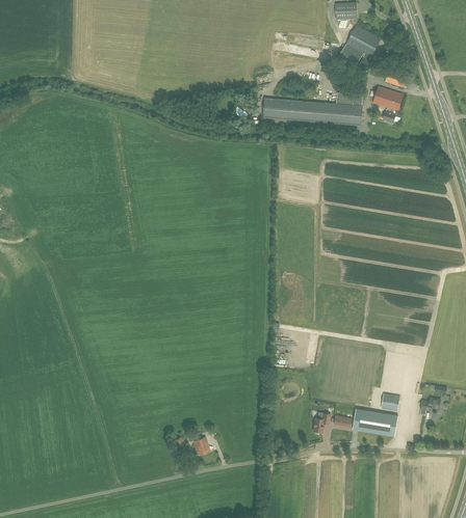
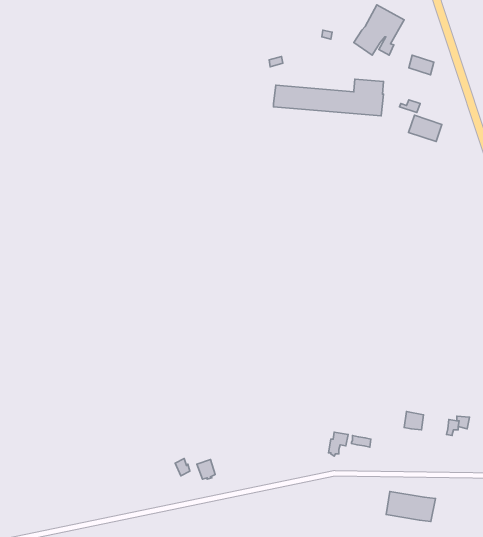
building: [372,86,403,110] -> [409,115,442,142]
building: [353,409,397,436] -> [386,492,436,521]

